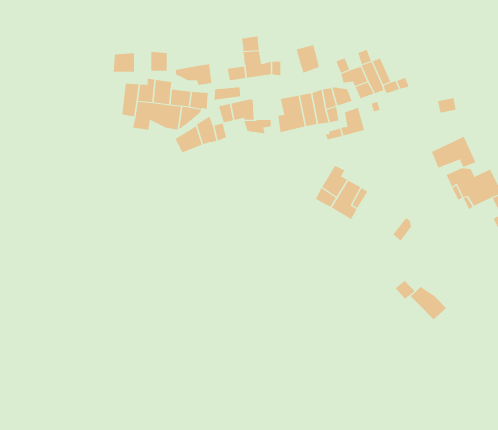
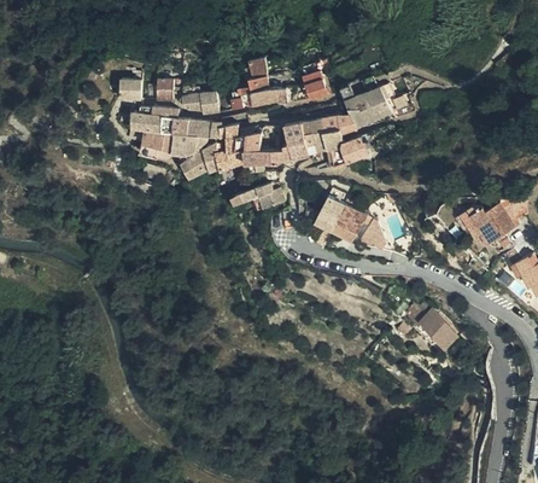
building: [431,136,476,169] -> none
building: none -> [232,186,287,211]

